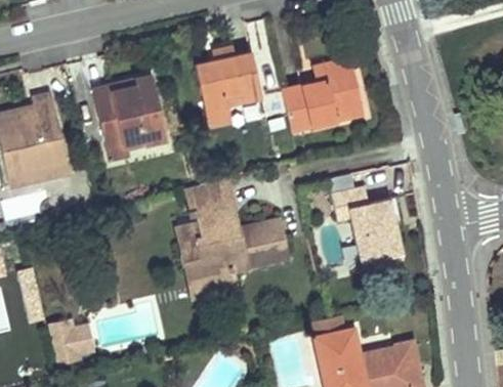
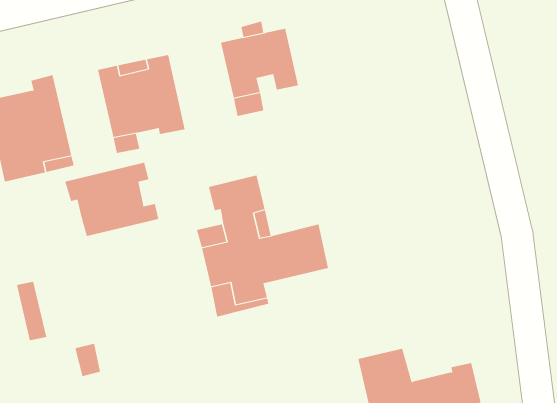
building: [283,56,363,129] -> none
building: none -> [65,162,159,237]
building: [333,186,408,278] -> none
building: [47,319,78,362] -> none

